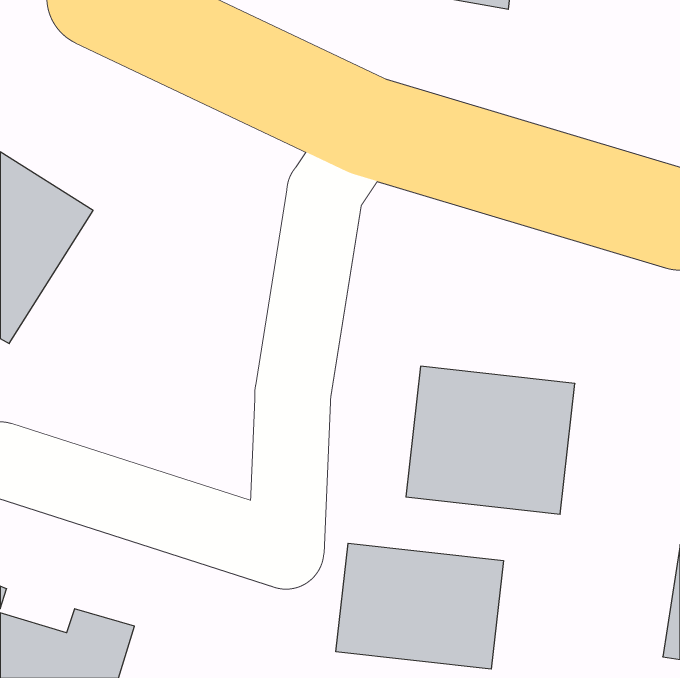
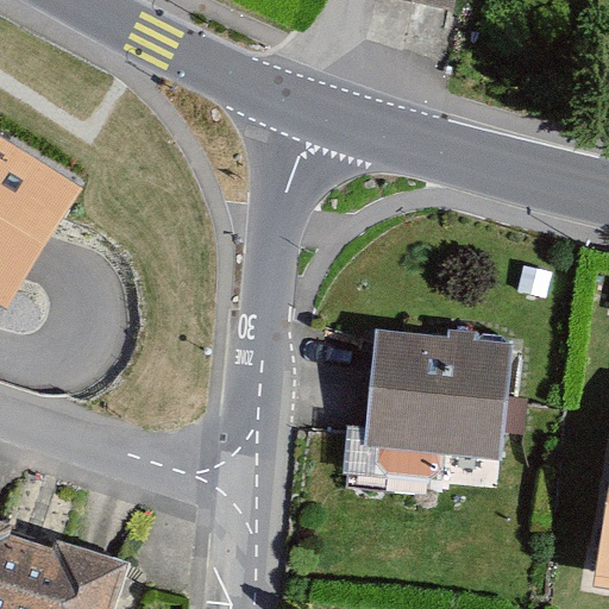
building: [336,543,503,669] -> none

